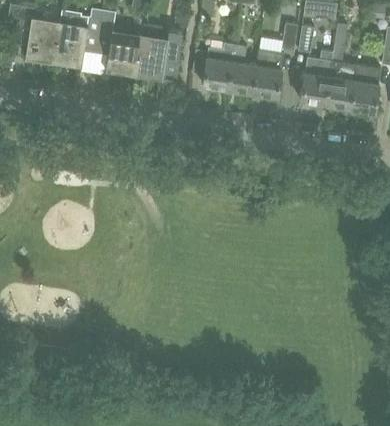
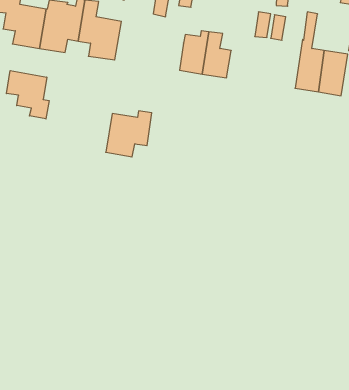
building: [133,29,182,78] -> [106,111,152,157]
building: [252,48,283,95] -> none
building: [300,50,333,103] -> none
building: none -> [6,71,49,119]

